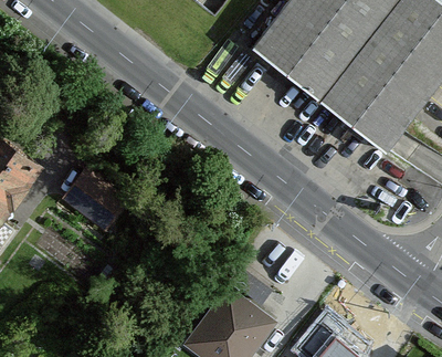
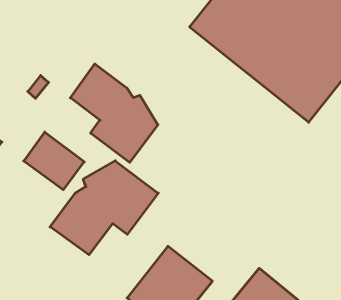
building: none -> [70,64,158,162]
building: none -> [50,161,158,255]

